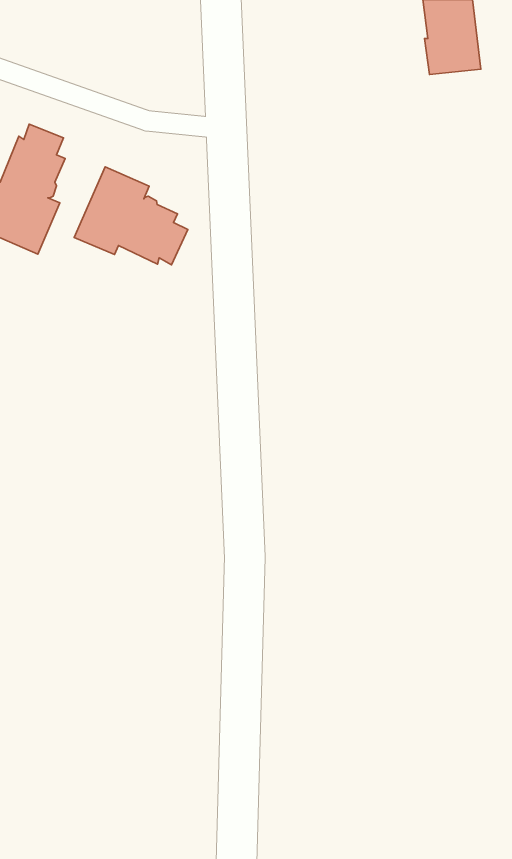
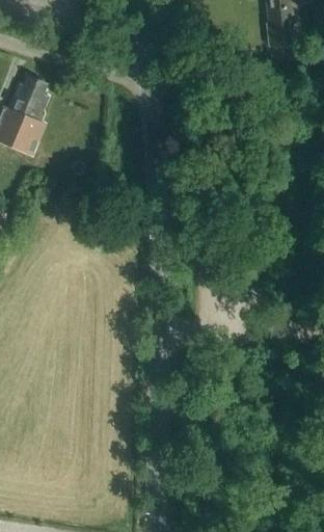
building: [74,167,188,265] -> none

